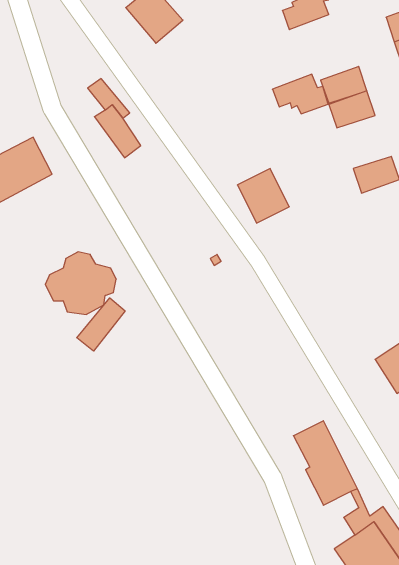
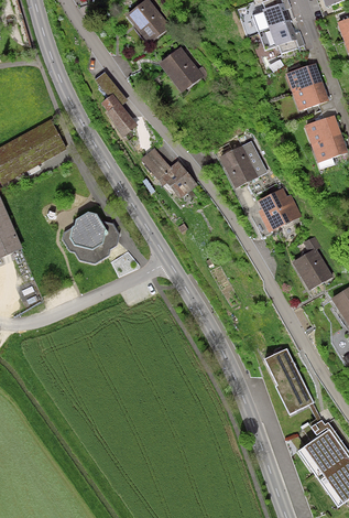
building: none -> [159,46,205,93]
building: [272,74,328,114] -> [259,20,304,52]
building: none -> [304,115,341,144]
building: none -> [141,148,198,198]
building: none -> [255,186,303,231]
building: none -> [290,235,334,291]
building: [77,298,125,351] -> none

